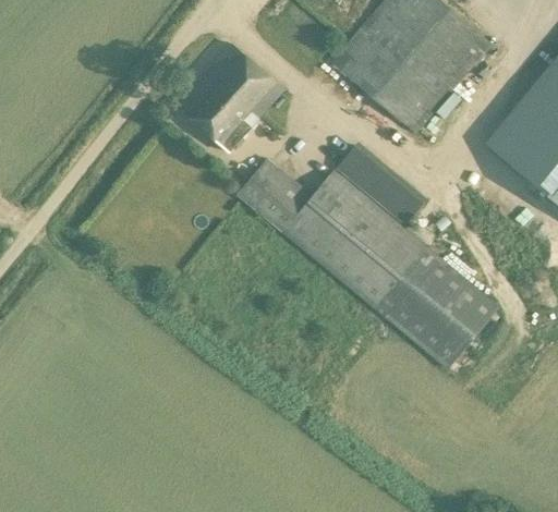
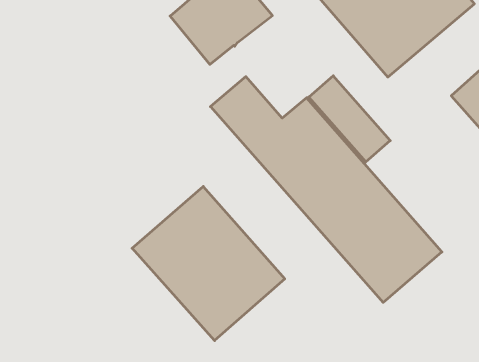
building: none -> [132,186,285,341]

